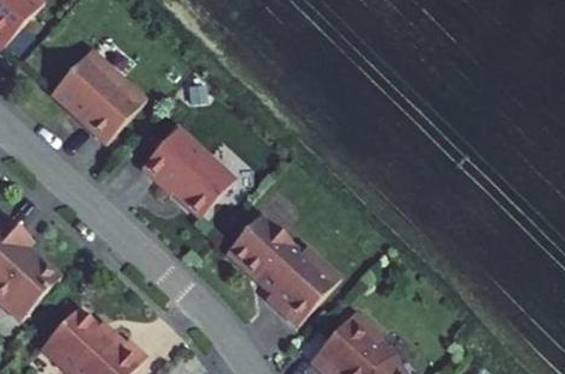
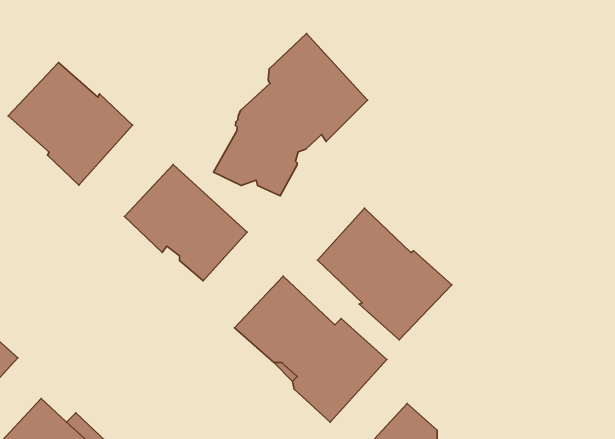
building: none -> [213,33,368,196]
building: none -> [318,208,452,340]

